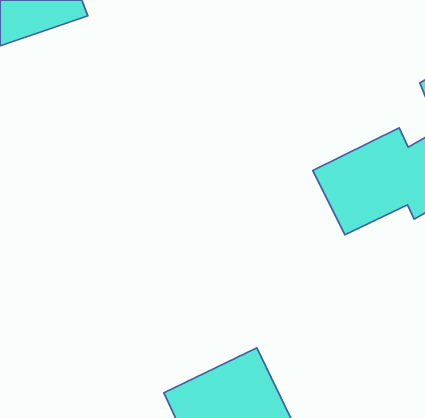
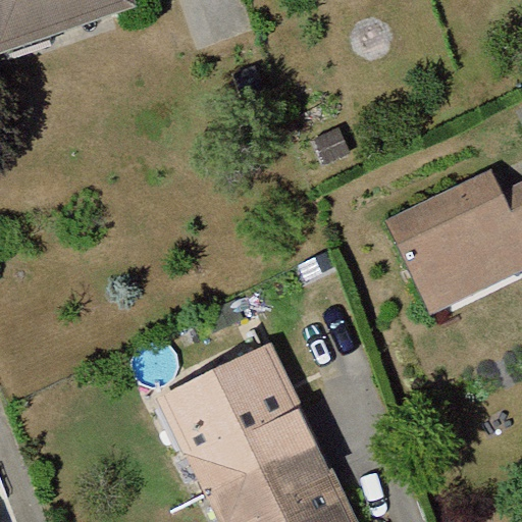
building: none -> [157,342,316,490]

